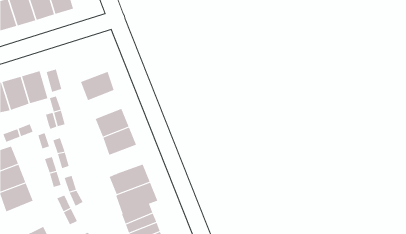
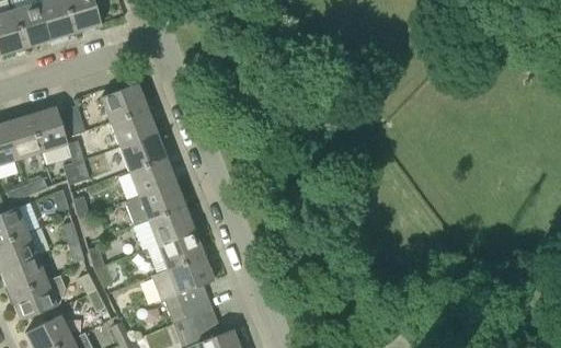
building: none -> [100,82,146,120]
building: none -> [118,131,164,170]
building: none -> [147,205,193,243]
building: none -> [9,279,56,318]

